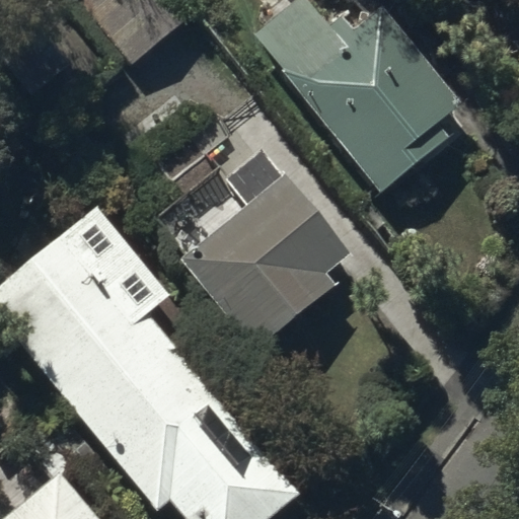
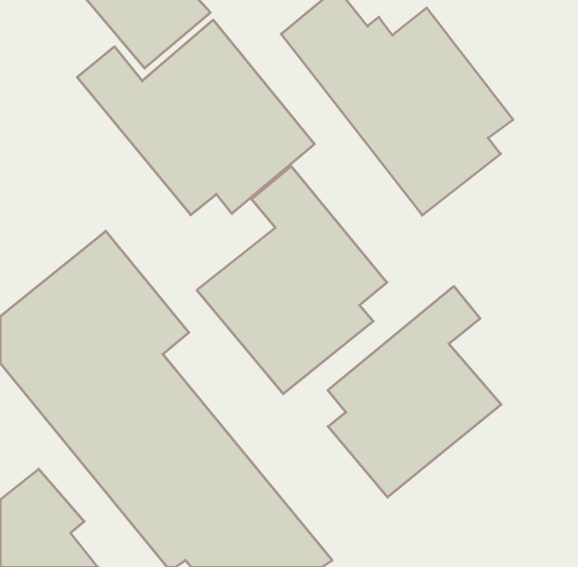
building: none -> [77,20,314,215]
building: none -> [328,286,501,497]

